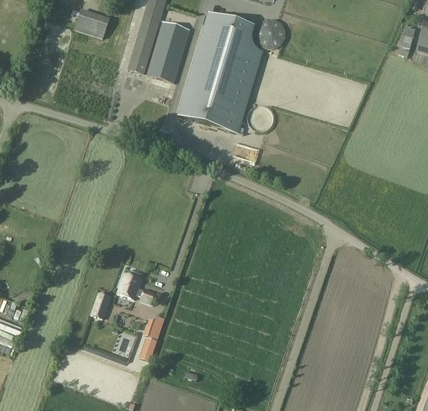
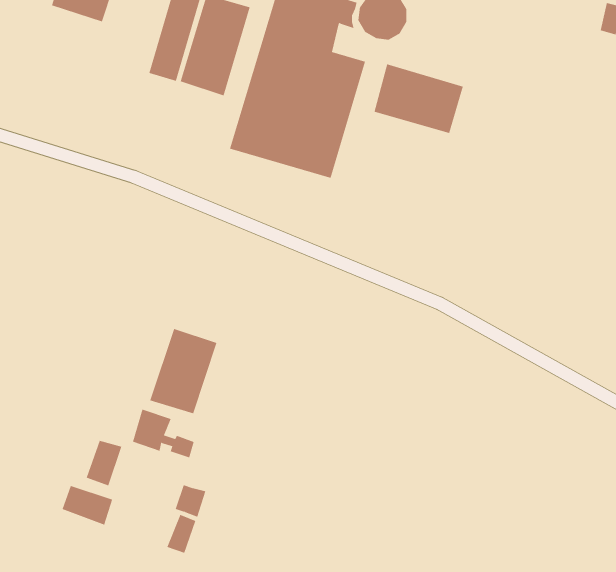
building: none -> [374,64,464,134]
building: none -> [149,328,217,414]
building: none -> [62,485,113,525]

